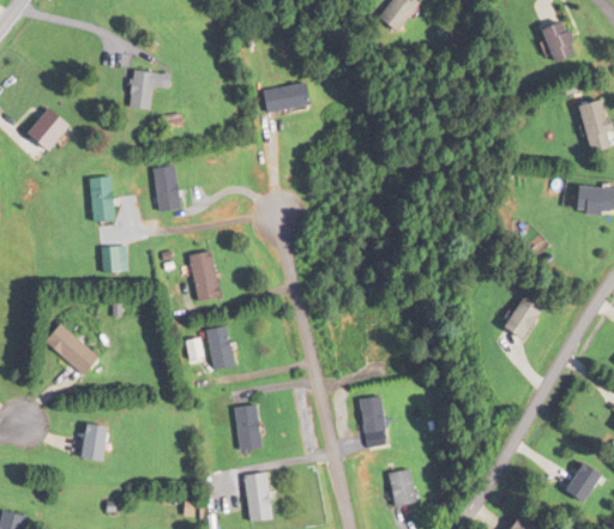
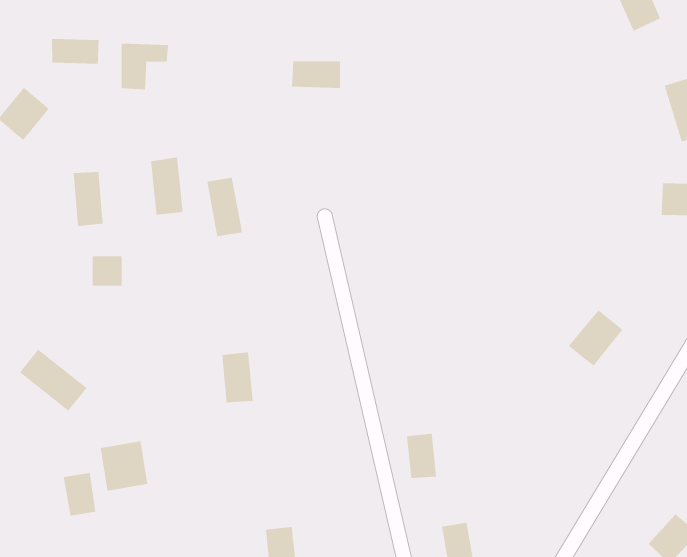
building: none -> [51,38,99,65]
building: [189,252,219,301] -> [206,177,243,237]
building: none -> [100,441,148,491]
building: [239,403,263,447] -> none

